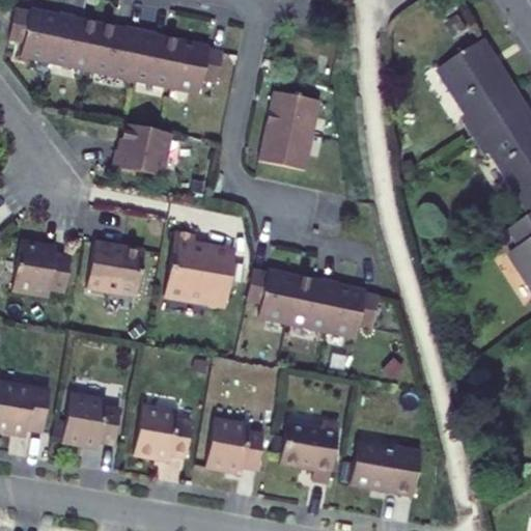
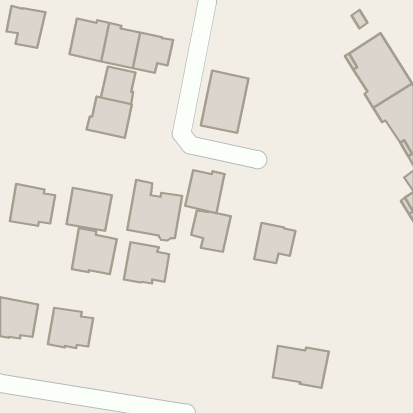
building: [49,12,100,69] -> none
building: none -> [101,66,135,104]
building: [286,277,337,332] -> [185,170,225,213]
building: none -> [72,228,117,274]
building: [134,406,192,458] -> [124,242,169,283]
building: [205,418,263,470] -> none
building: [279,431,337,482] -> none

